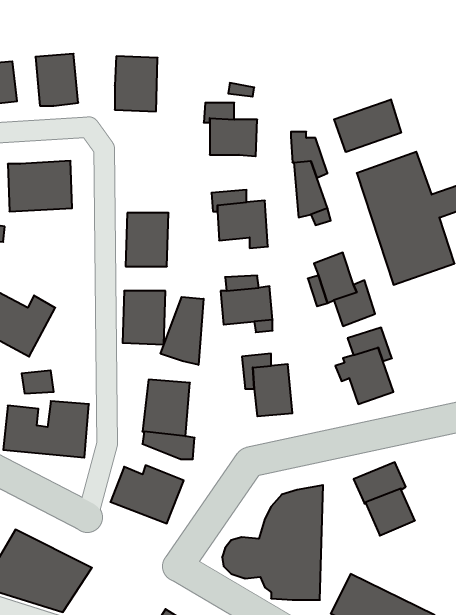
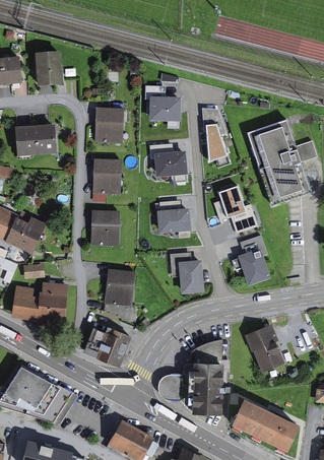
building: [115,56,158,111] -> [95,106,124,142]
building: [334,99,401,152] -> none
building: [161,297,204,365] -> none

